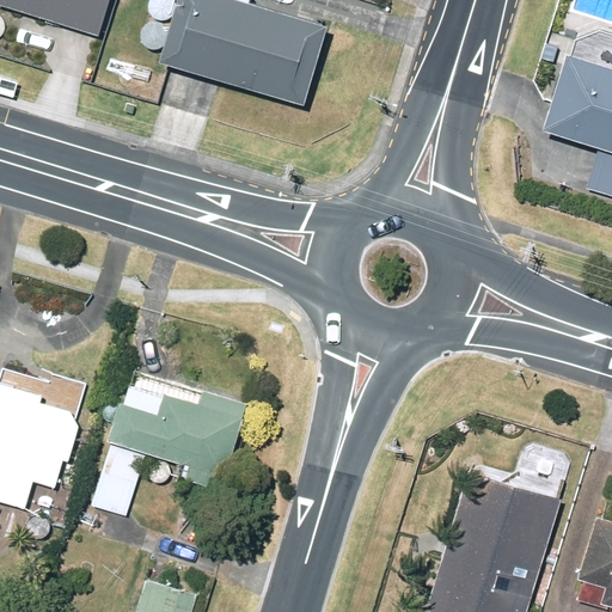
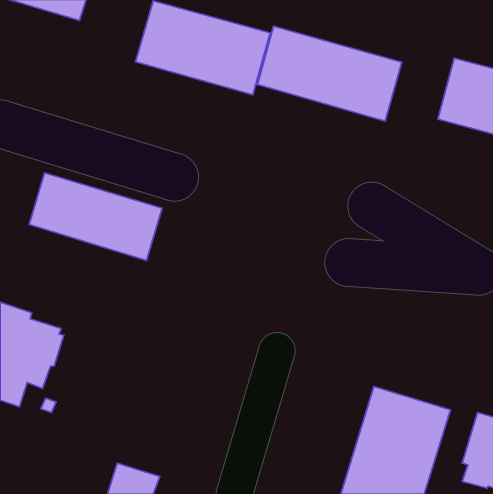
building: none -> [257,26,402,121]
building: none -> [29,173,162,261]
building: [93,363,249,509] -> none

